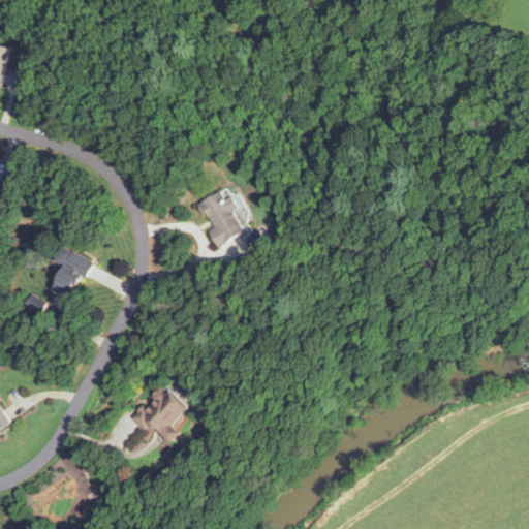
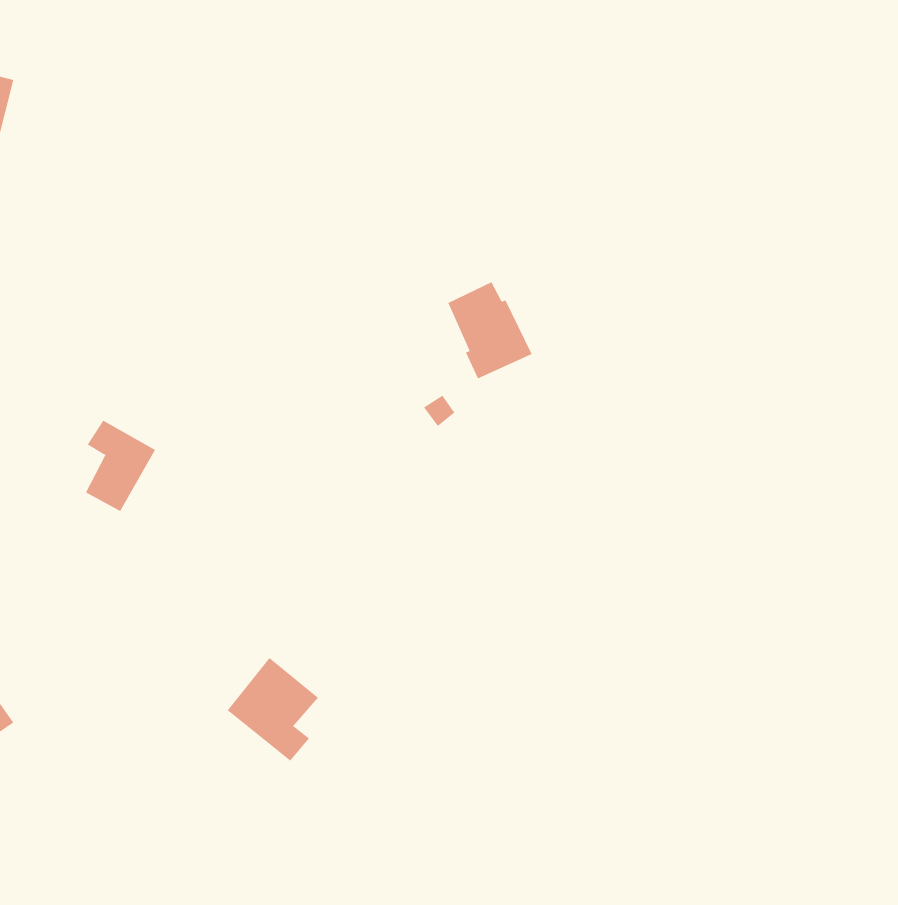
building: [197,188,247,245] -> [447,282,532,379]

